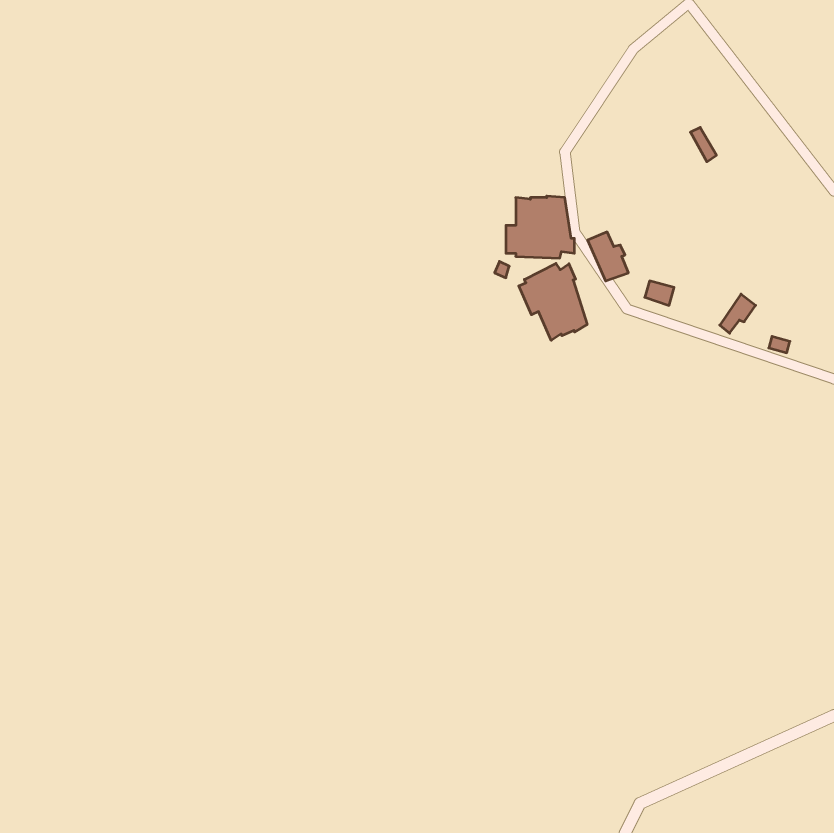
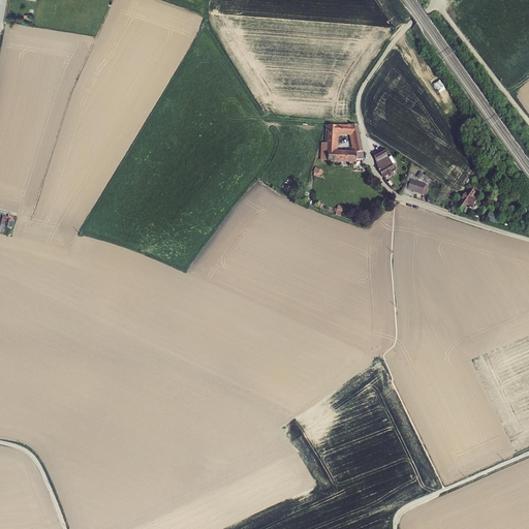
building: [519,263,587,340] -> none

